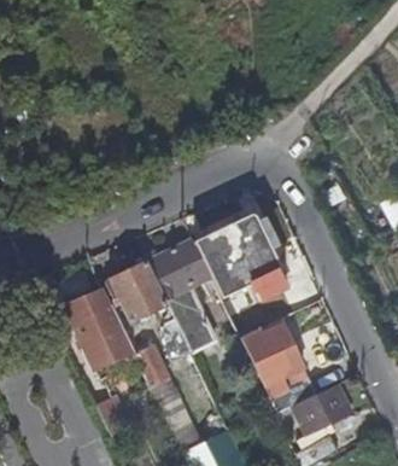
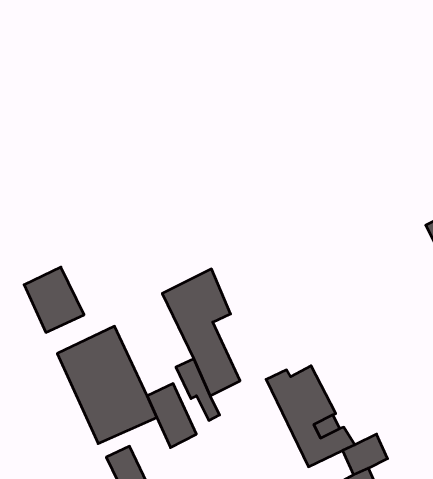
building: [195,205,291,299] -> none
building: [113,263,166,321] -> [24,267,84,332]

